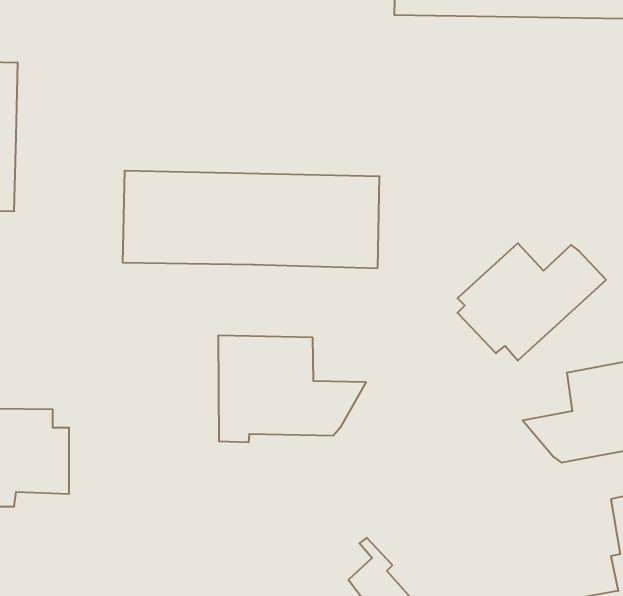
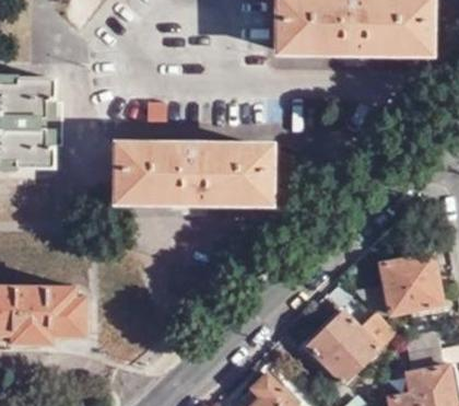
building: [457,243,606,361] -> [305,313,393,383]
building: [218,335,366,442] -> none

